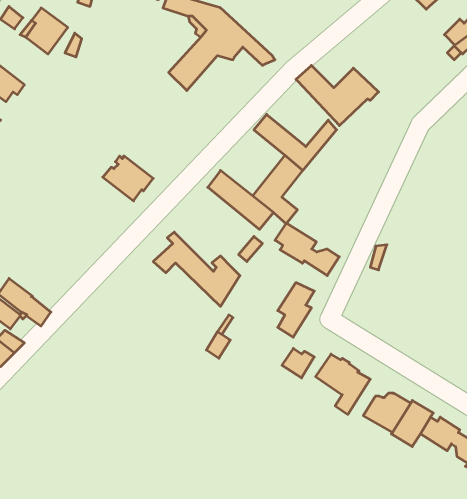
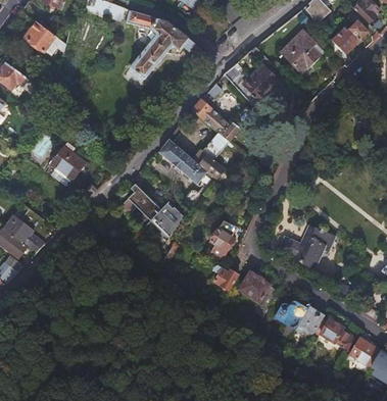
building: none -> [282,31,321,71]
building: [103,156,153,201] -> [48,147,85,180]
building: [275,223,339,276] -> none
building: none -> [280,225,334,269]

